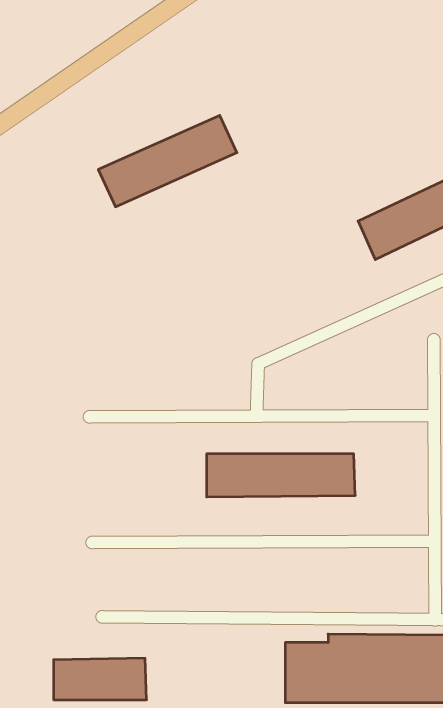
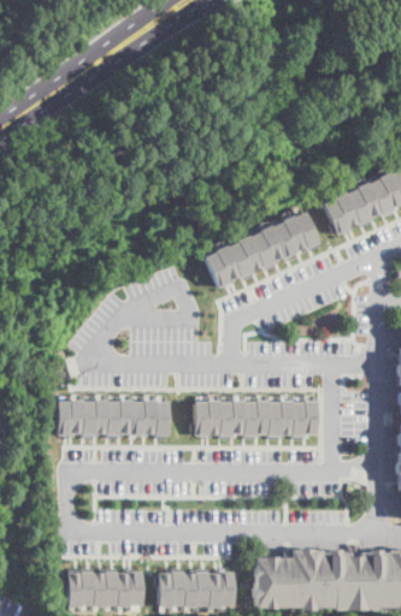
building: [98,115,237,207] -> [201,212,318,289]
building: none -> [57,399,167,436]
building: none -> [157,571,234,608]

